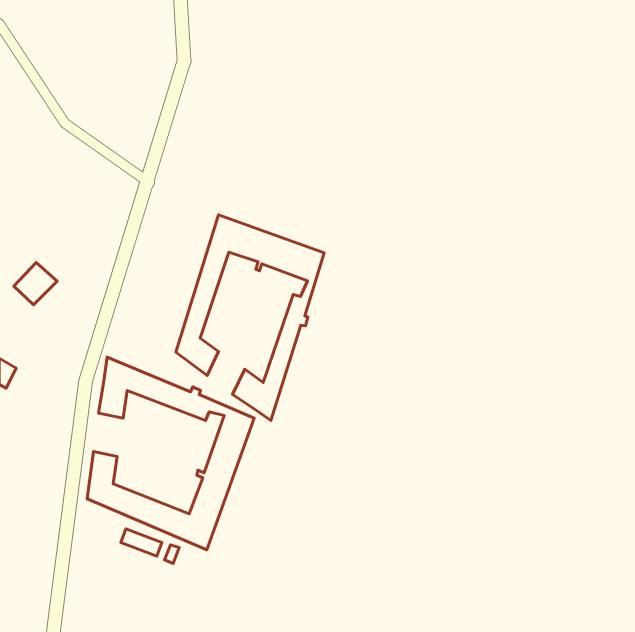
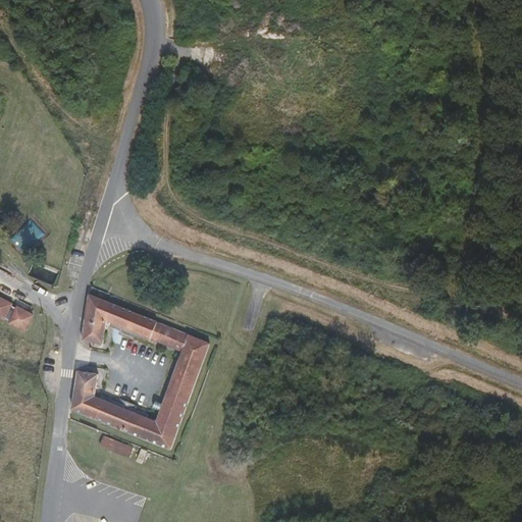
building: [176,215,324,421] -> none
building: none -> [7,304,35,330]

